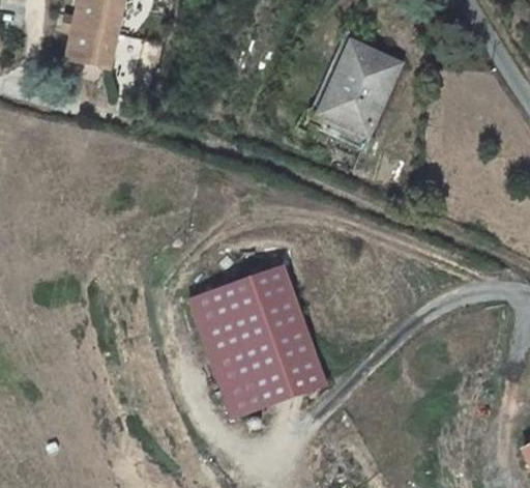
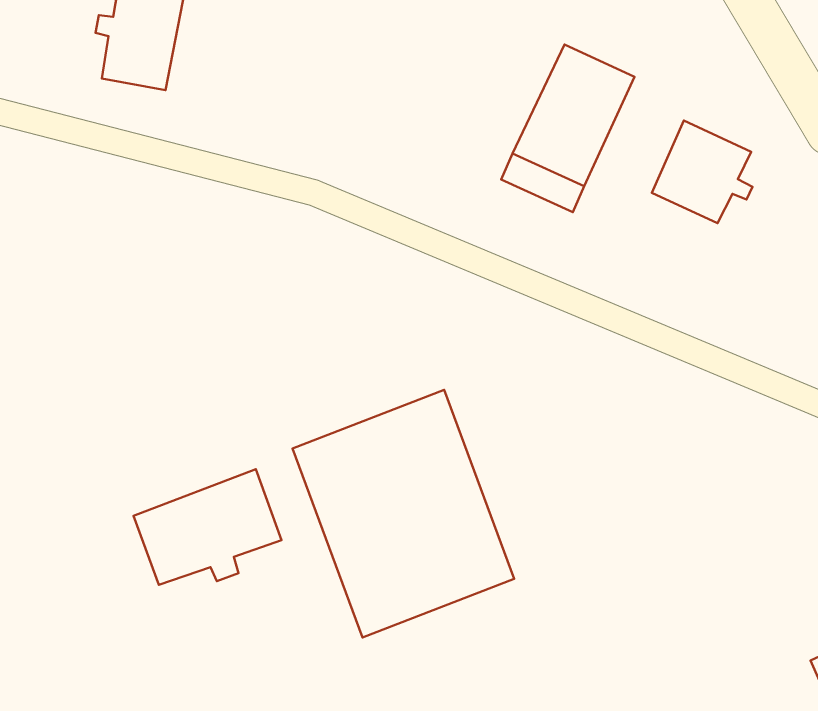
building: none -> [652,120,752,223]
building: none -> [134,469,281,585]

